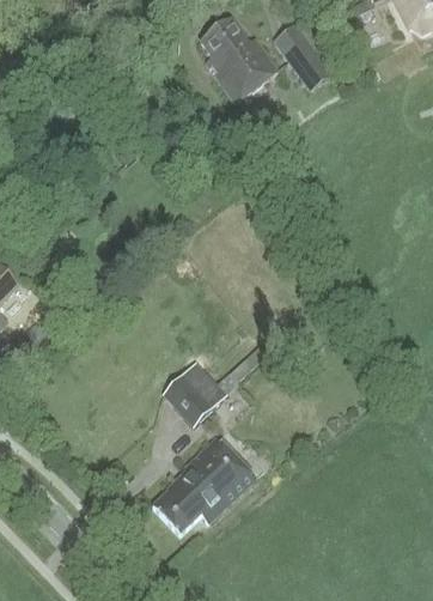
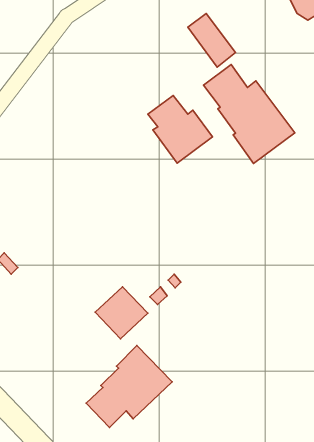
building: [200,19,279,102] -> [148,96,212,163]
building: none -> [203,64,295,163]

